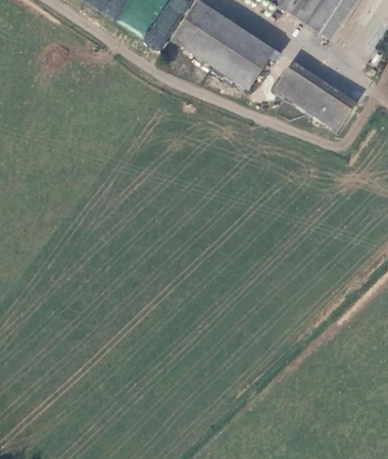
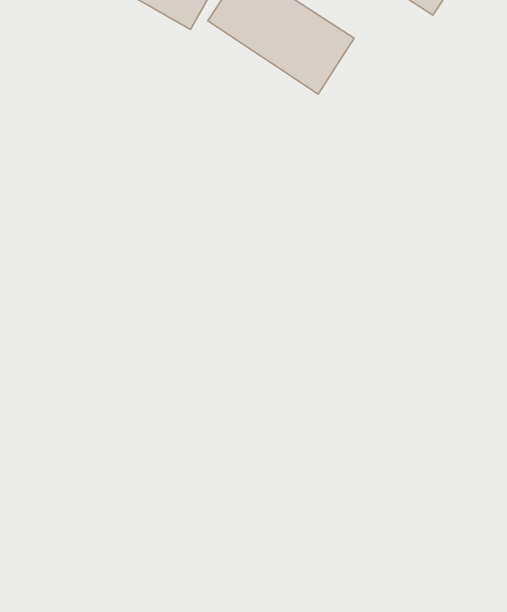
building: [276,58,357,128] -> none

